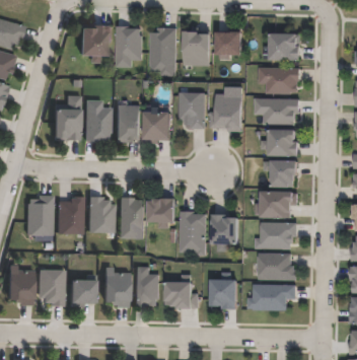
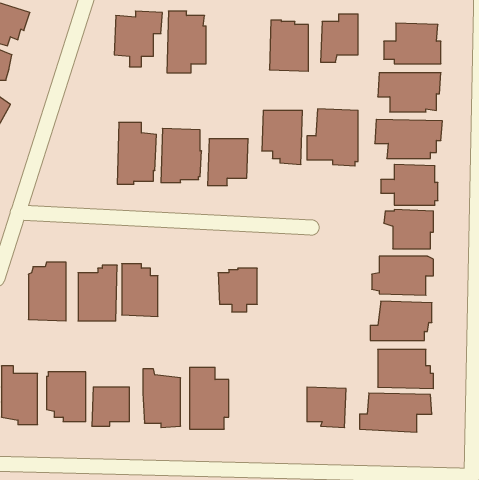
building: [150,27,176,76] -> none
building: [51,95,77,141] -> none
building: [116,198,143,238] -> none
building: [181,211,207,256] -> none
building: [211,214,237,250] -> none
building: [164,282,196,309] -> none

